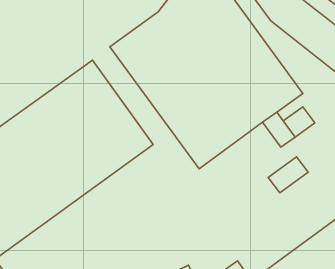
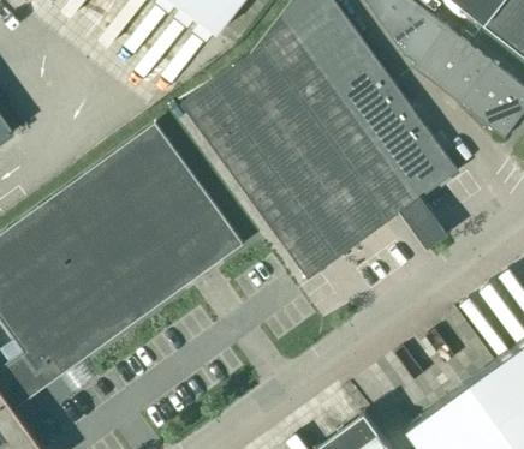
building: [283,107,315,137] -> none
building: [268,157,308,193] -> none

